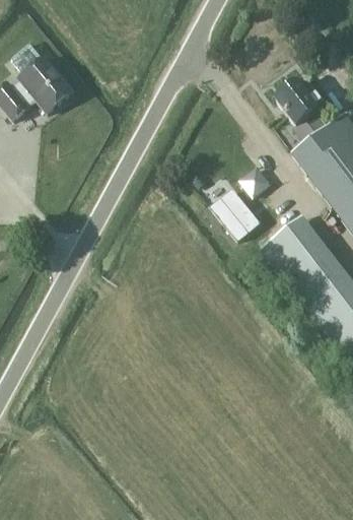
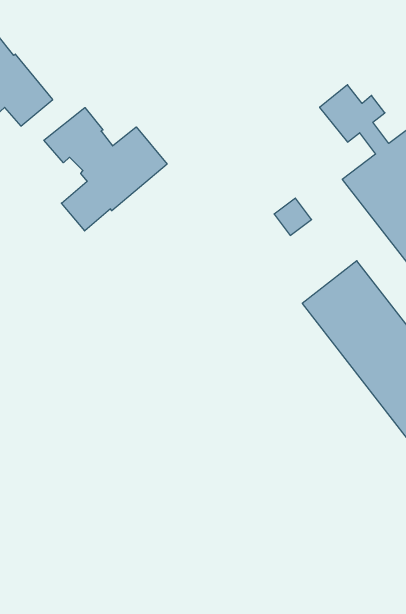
building: none -> [44,108,167,231]
building: [211,187,259,237] -> none

